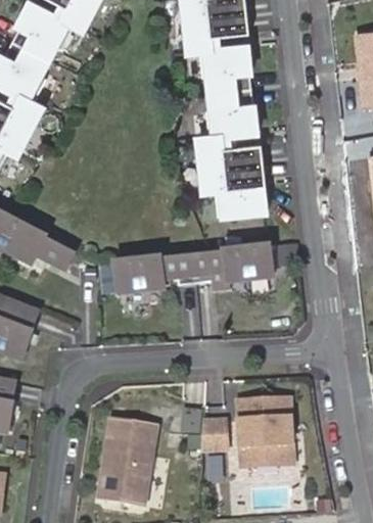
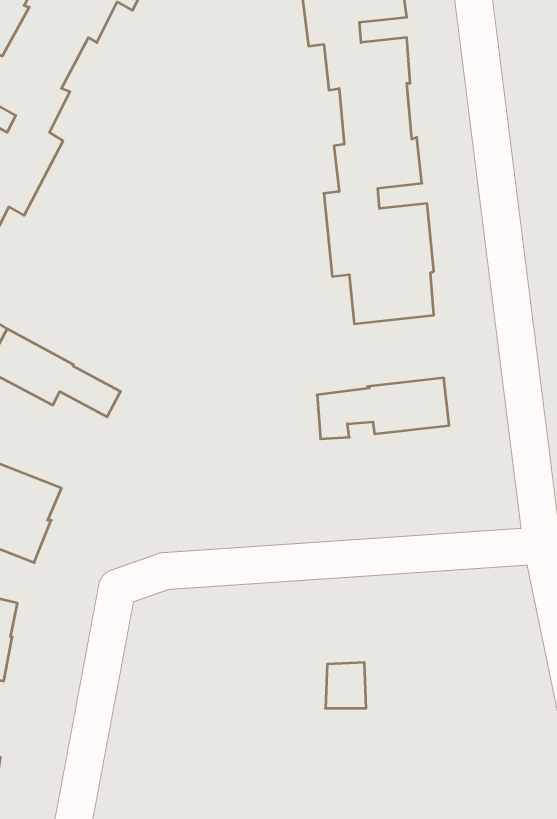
building: [116,257,196,293] -> none
building: [236,397,290,465] -> none
building: [96,417,154,505] -> none

